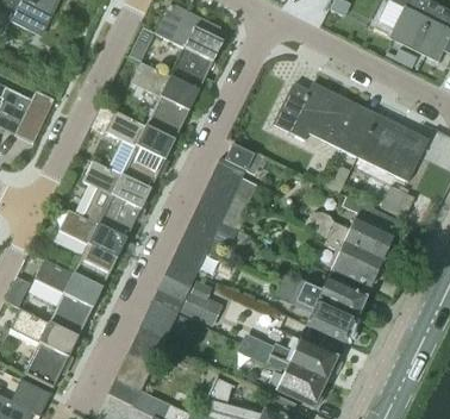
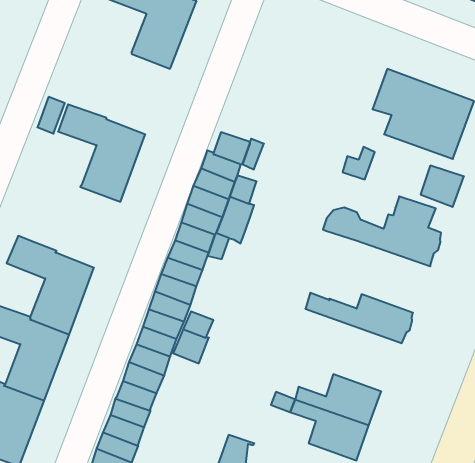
building: [131,62,198,140] -> none
building: [274,81,364,157] -> none
building: [81,161,150,239] -> none
building: [325,237,383,288] -> none
building: [280,286,356,342] -> none

